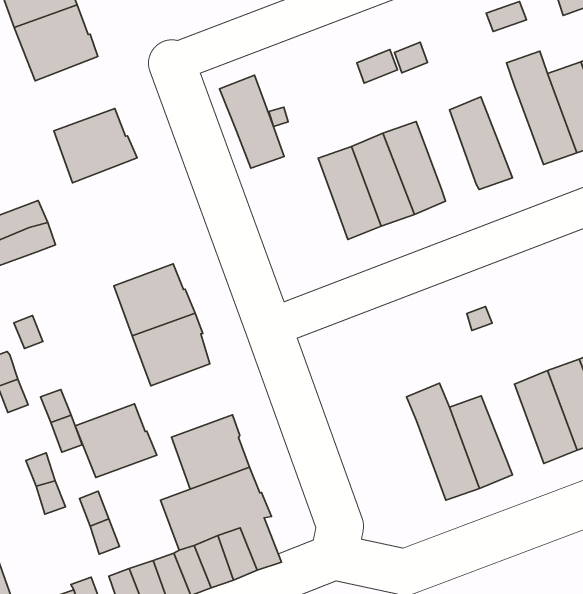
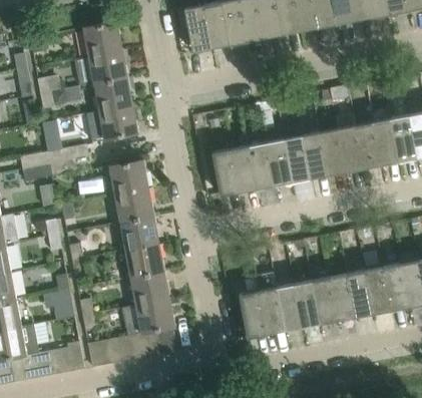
building: none -> [93,78,131,112]
building: [219,75,284,168] -> [212,149,239,196]
building: none -> [319,129,345,176]
building: none -> [284,136,310,182]
building: none -> [109,160,147,196]
building: none -> [293,282,319,328]
building: [75,404,157,477] -> [125,245,164,279]
building: none -> [240,292,266,339]

